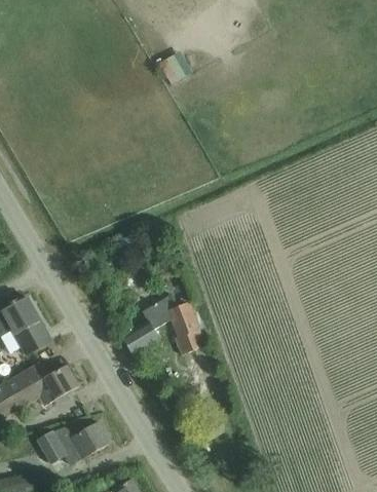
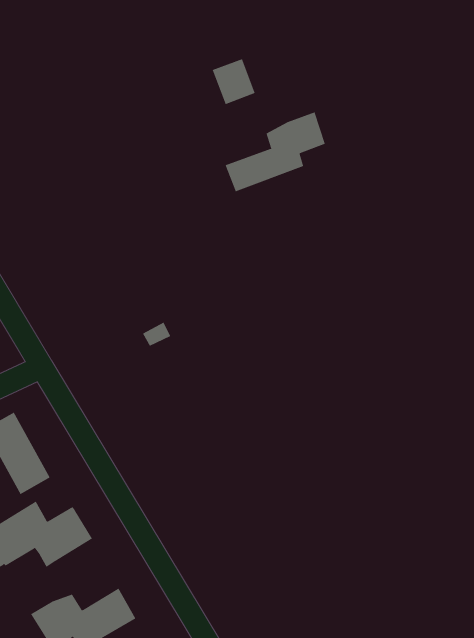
building: none -> [225,112,325,192]
building: [119,294,201,352] -> none

